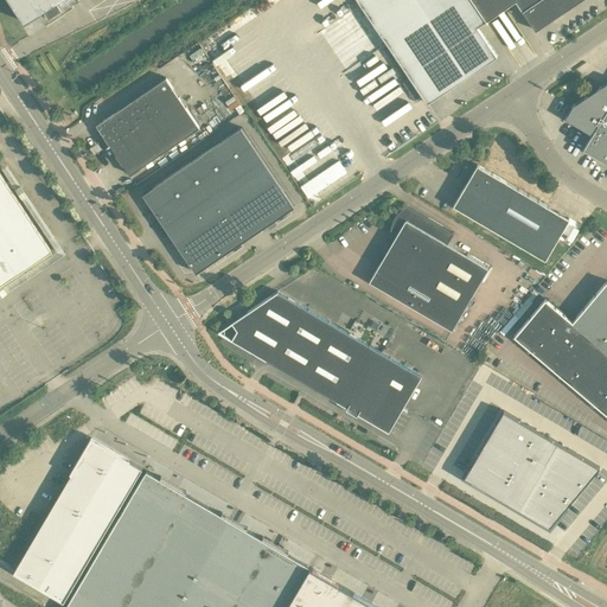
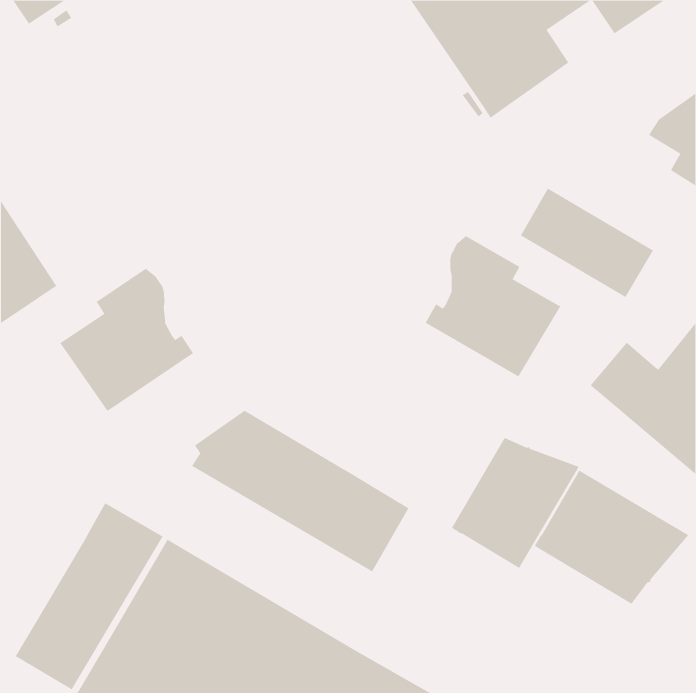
building: [96,79,199,177] -> none
building: [142,129,294,274] -> none
building: none -> [60,268,194,412]
building: [231,293,421,434] -> [191,410,409,572]
building: none -> [451,437,580,569]

